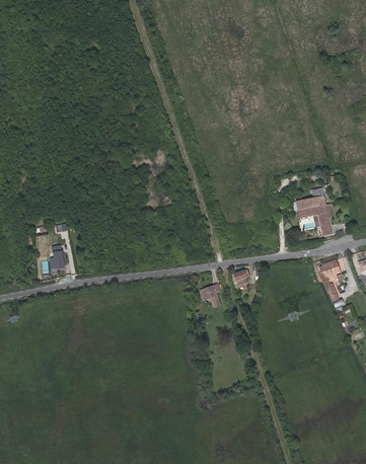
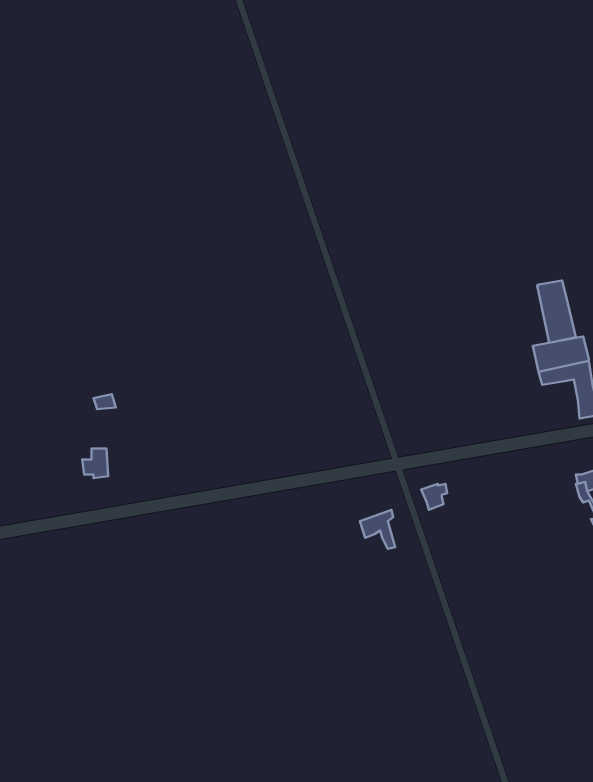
building: none -> [537,281,576,343]

